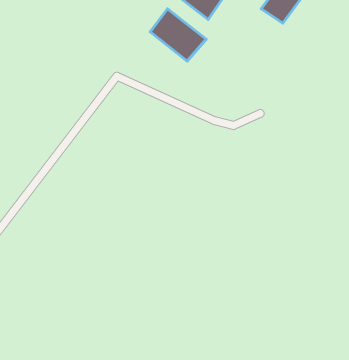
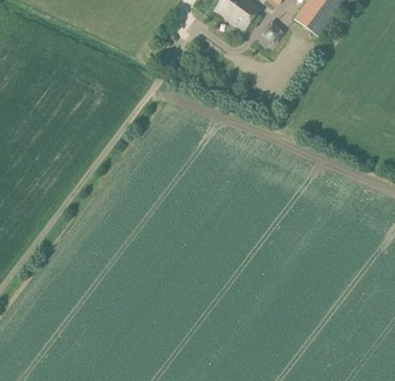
building: [150,9,206,61] -> none

